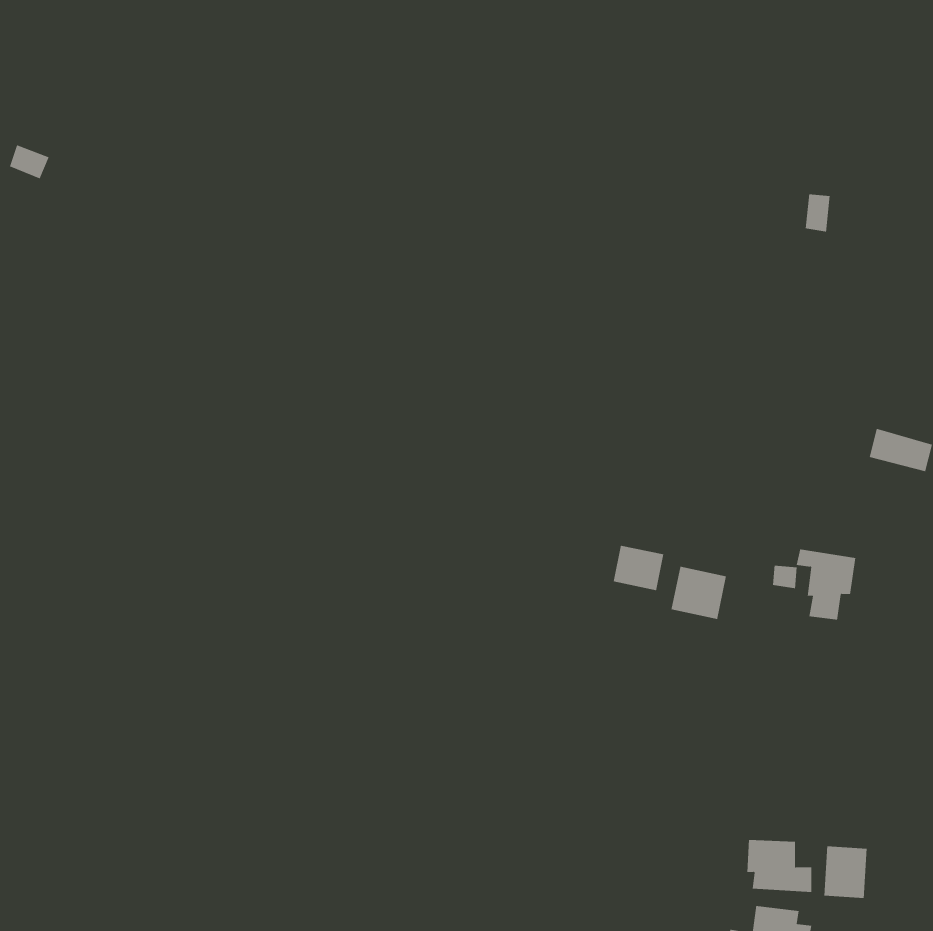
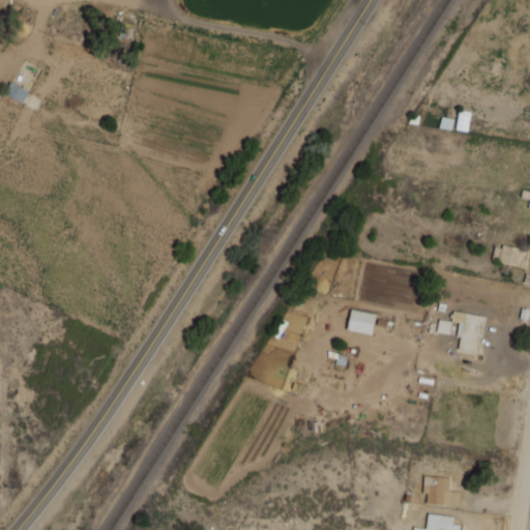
building: [671,566,727,620] -> none
building: [824,846,867,899] -> none

